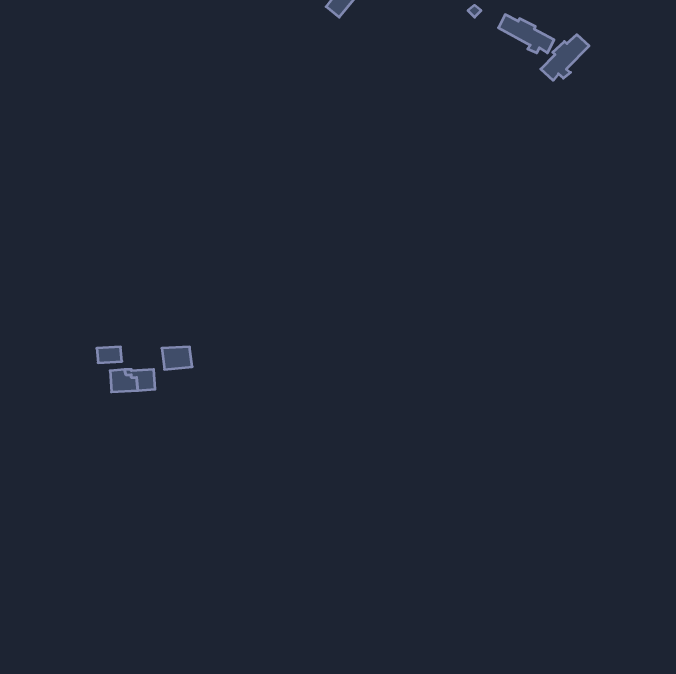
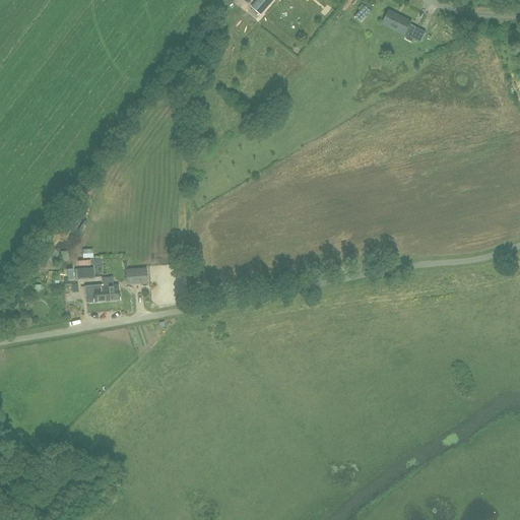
building: [541,35,589,80] -> none

